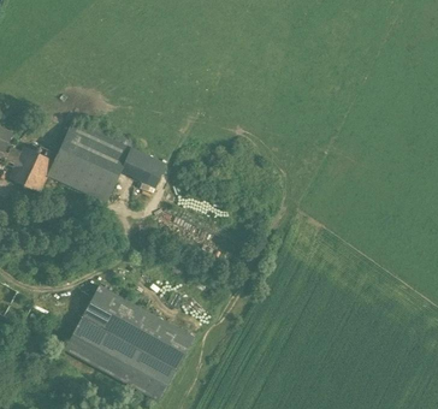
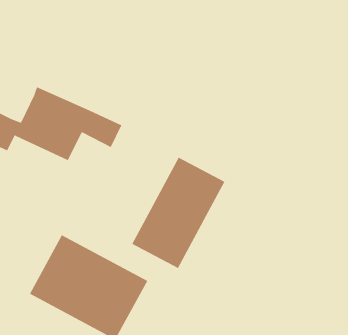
building: none -> [131,157,225,269]

